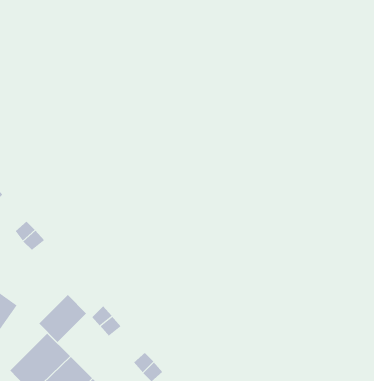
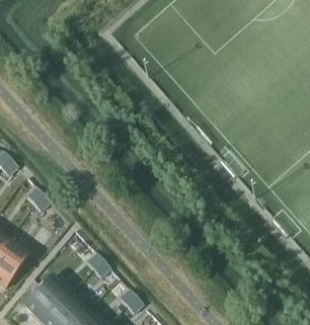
building: [39,294,87,343] -> none

